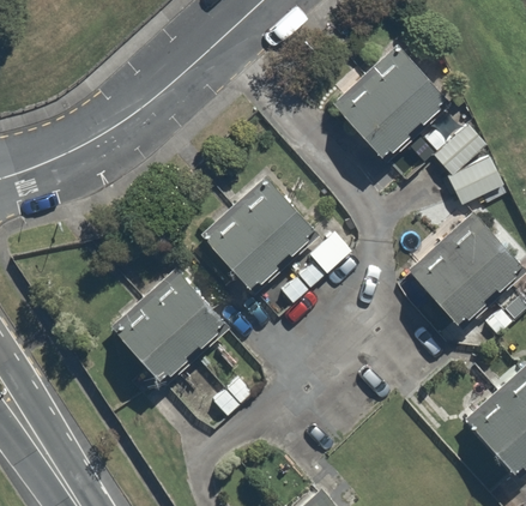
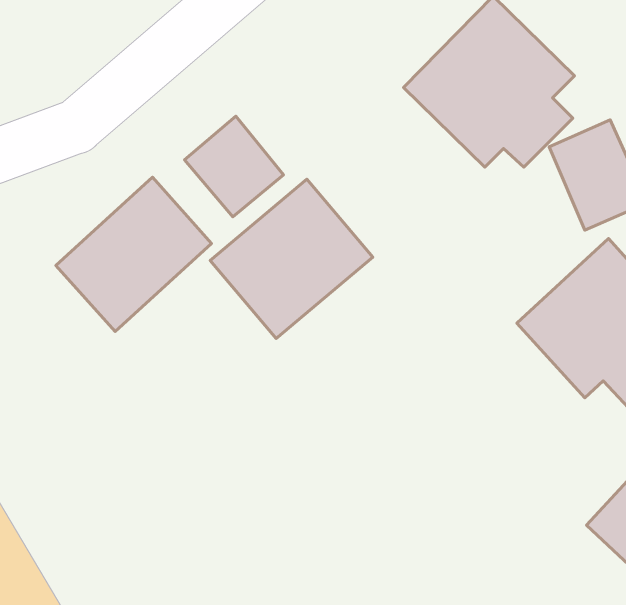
building: none -> [184,116,284,217]
building: [116,266,226,375] -> [56,177,212,332]

